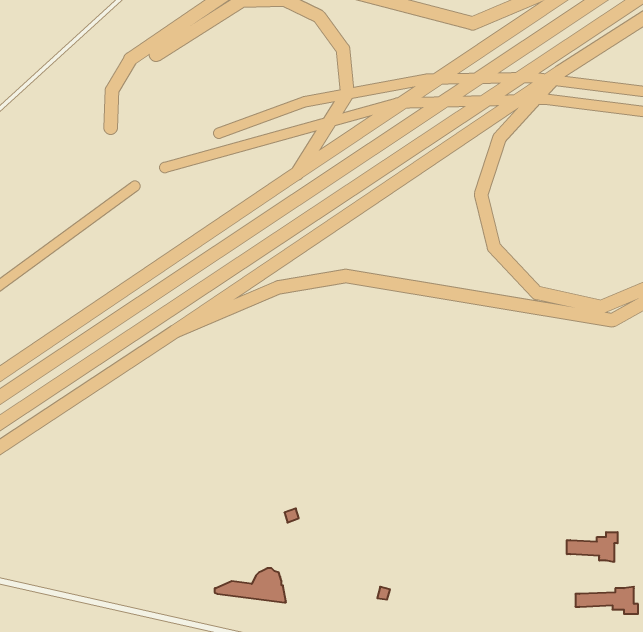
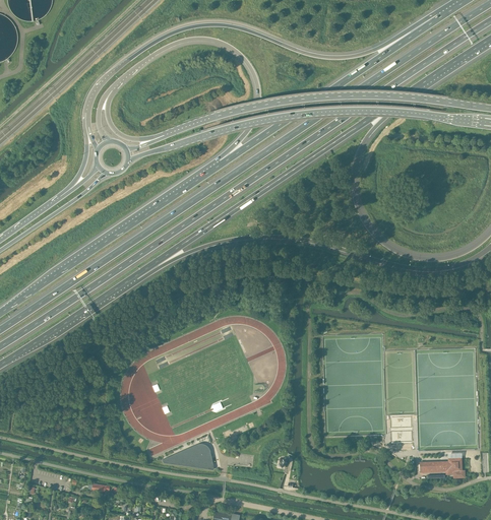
building: [567,532,618,562] -> none

